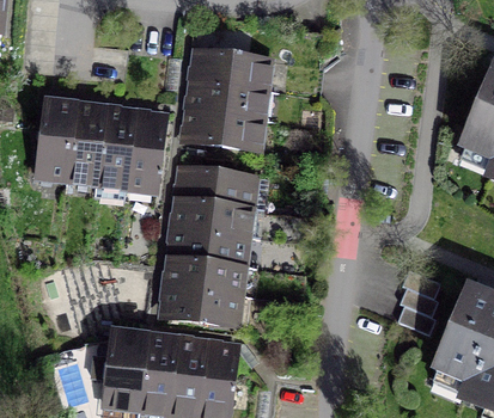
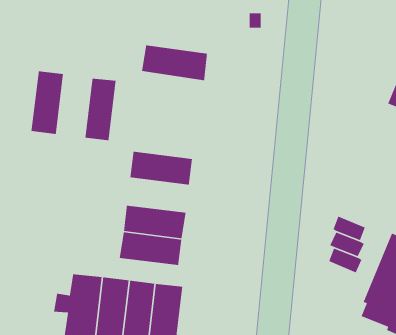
building: [195,49,268,86] -> none
building: [38,102,75,173] -> none
building: [187,106,261,146] -> none
building: [93,109,135,195] -> none
building: [181,165,251,203] -> none
building: [173,225,244,263] -> none

